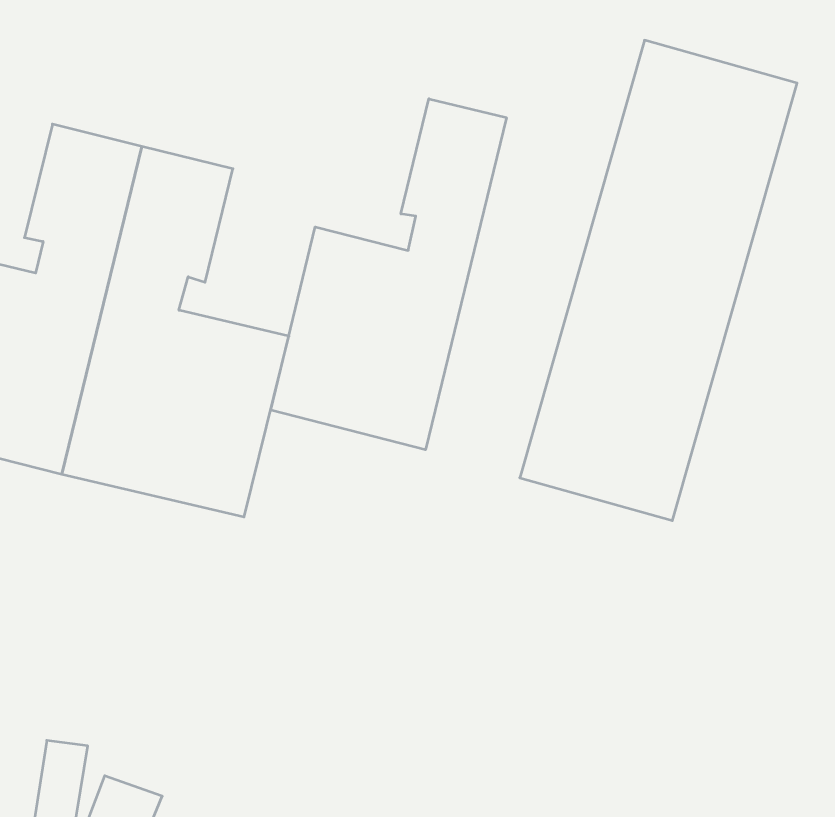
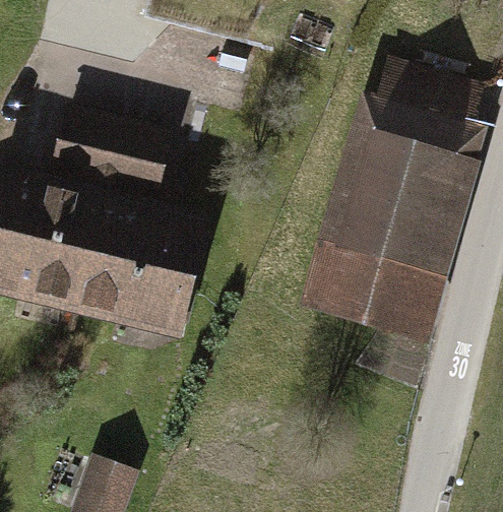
building: [271,99,506,450] -> none

